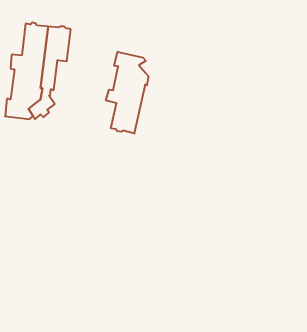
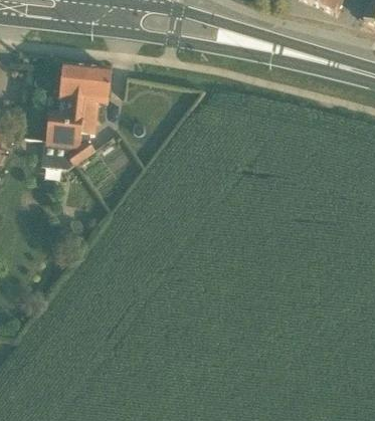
building: [106,52,148,134] -> none

